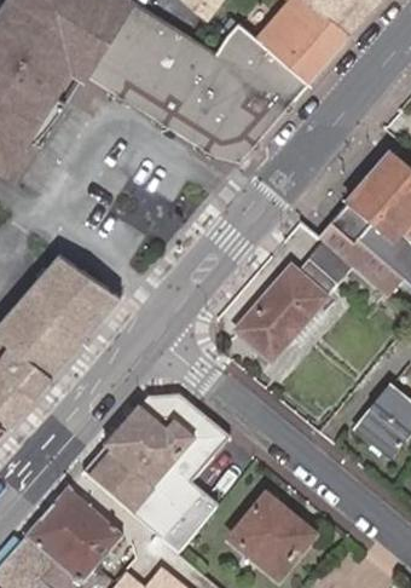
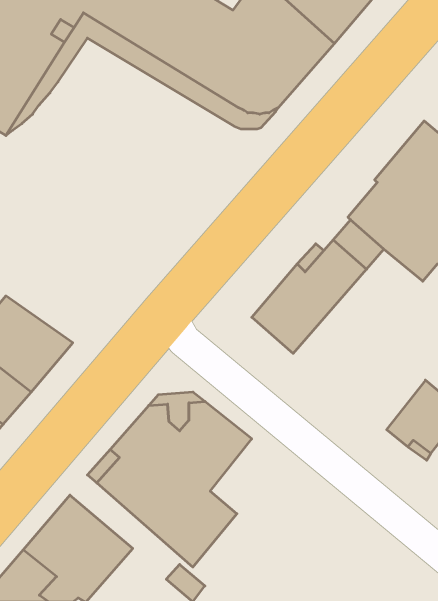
building: [10,254,120,352] -> none
building: [233,497,316,581] -> none

